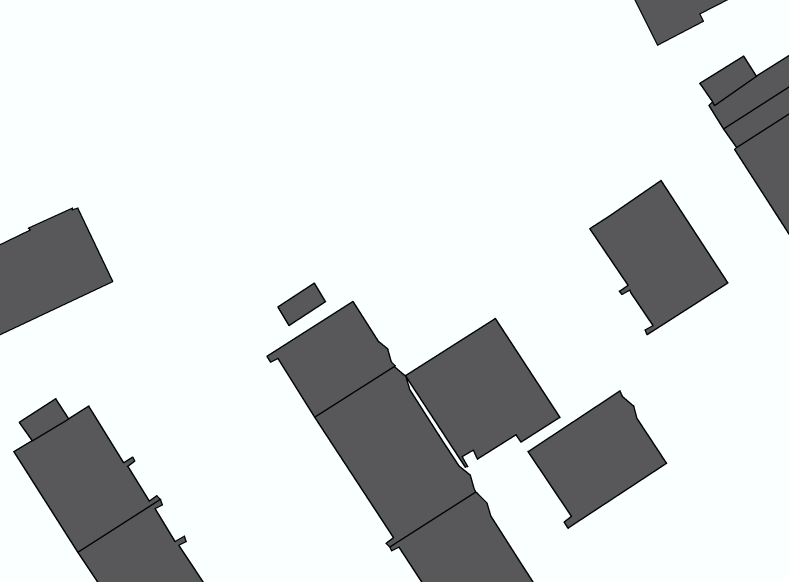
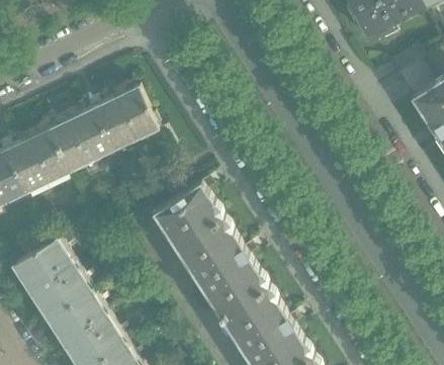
building: none -> [49,89,159,173]
building: [590,180,728,335] -> none
building: [405,318,560,467] -> none
building: [528,391,667,528] -> none

